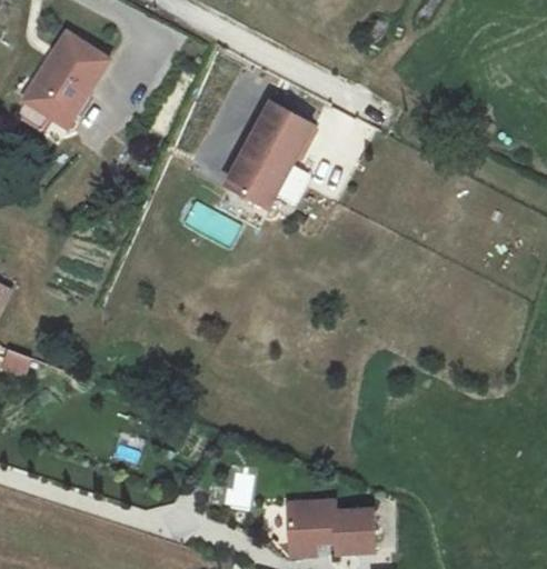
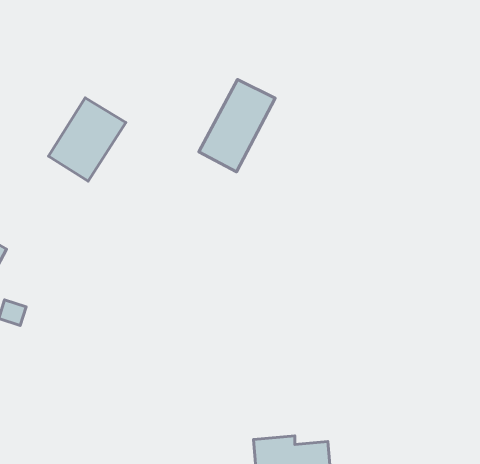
building: [22,32,109,126] -> [48,98,126,181]

